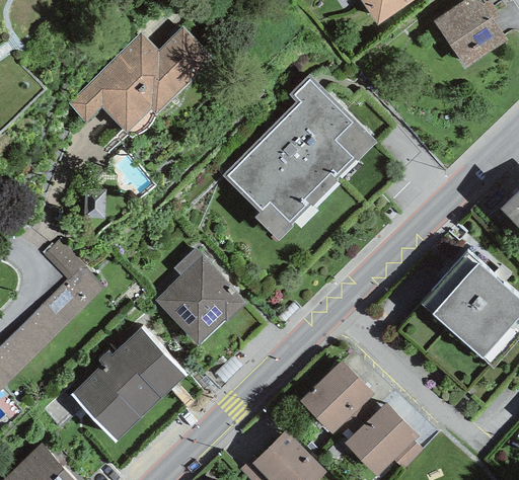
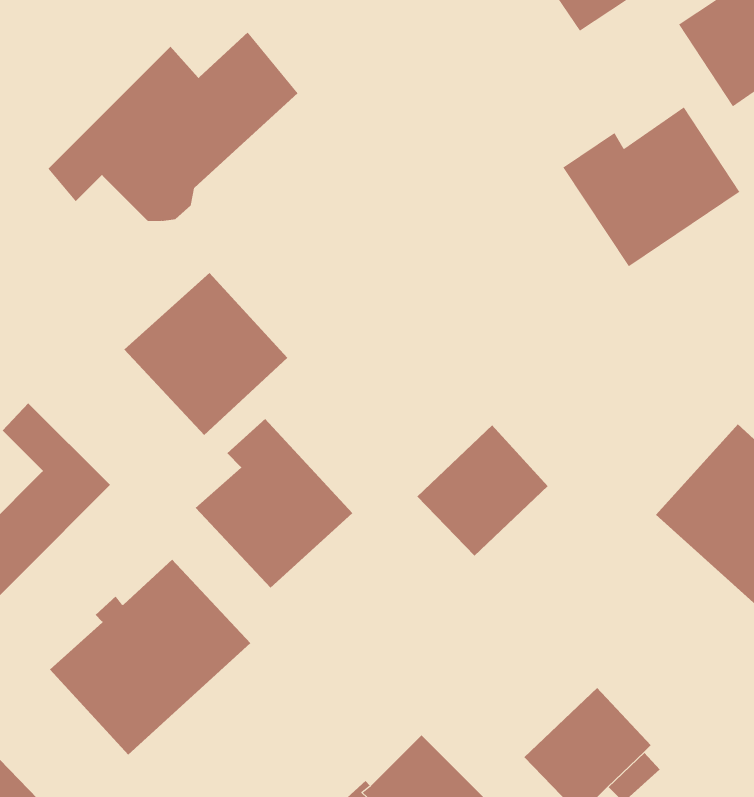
building: none -> [563,106,740,267]
building: [221,73,376,240] -> none
building: none -> [123,272,288,436]
building: [298,359,374,435] -> [417,425,548,556]

